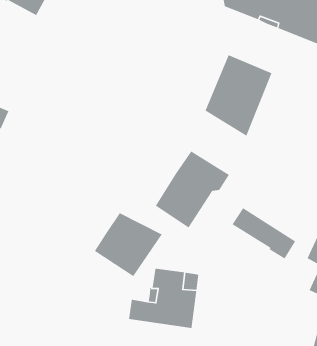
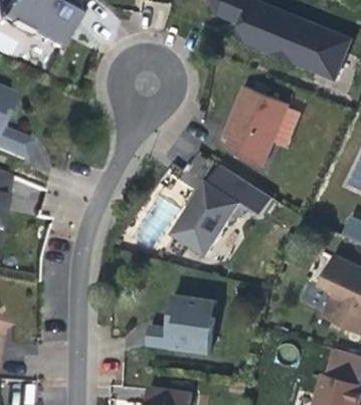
building: [231,207,296,260] -> [211,164,275,215]
building: [94,212,163,277] -> none

